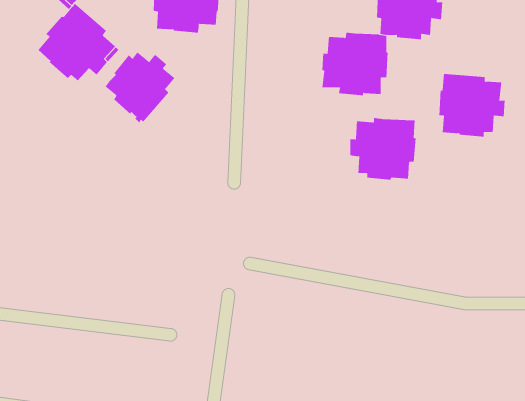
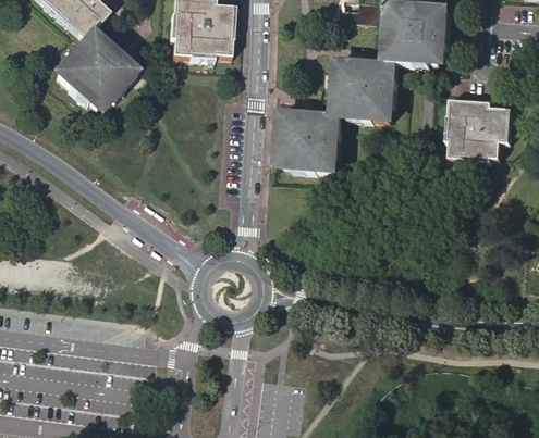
building: [105,51,175,123] -> none
building: [350,118,417,180] -> [277,109,342,170]

